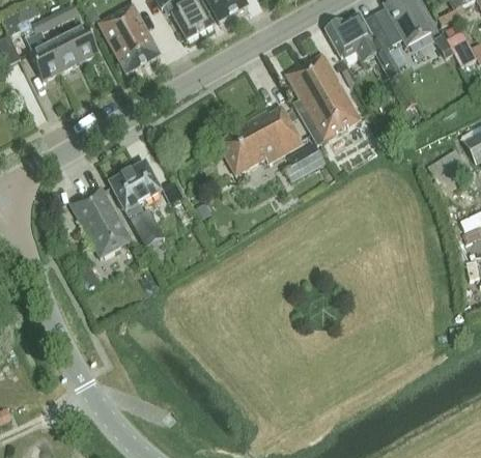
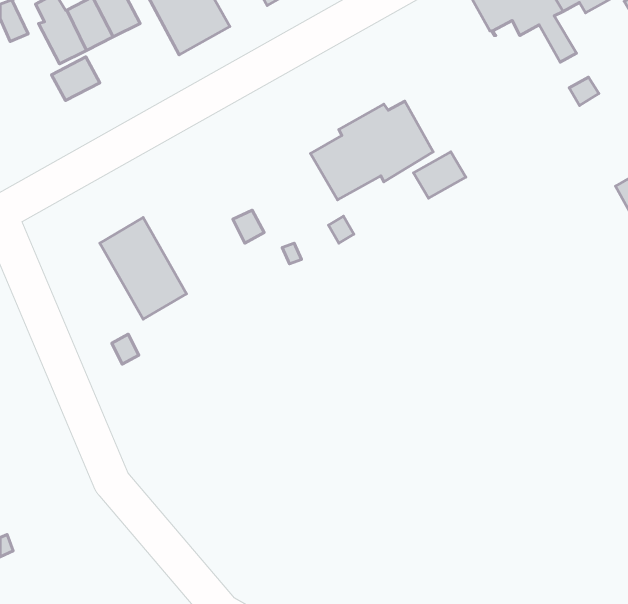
building: [285,52,361,143] -> none
building: none -> [52,57,100,101]
building: [109,161,163,244] -> none

